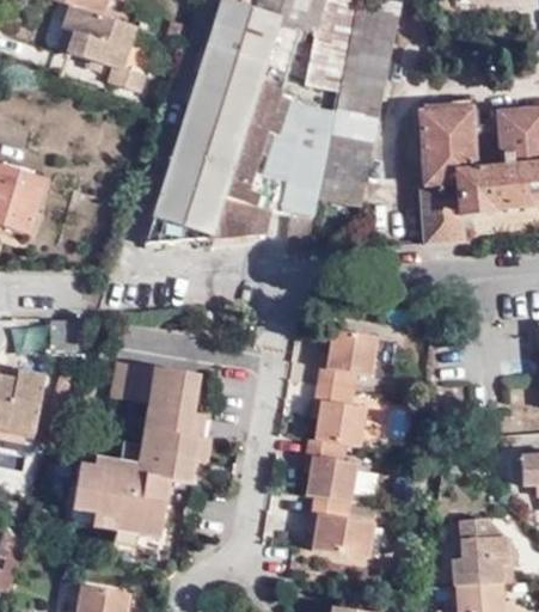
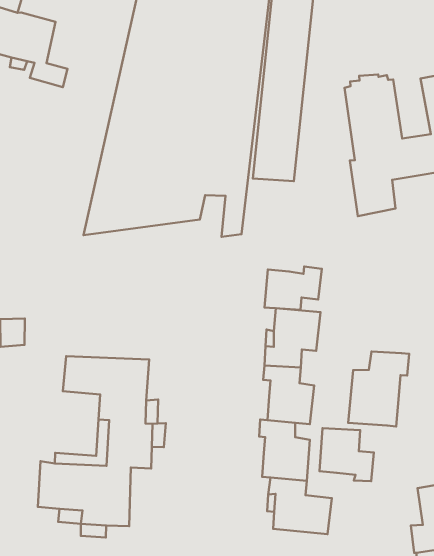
building: none -> [265,267,322,310]
building: none -> [348,352,409,426]
building: none -> [320,428,374,481]

